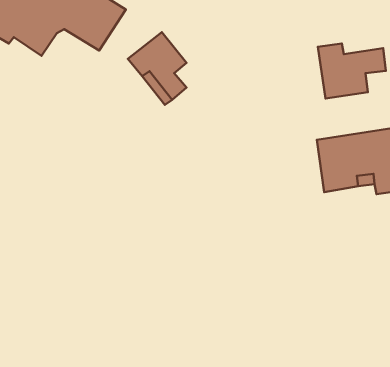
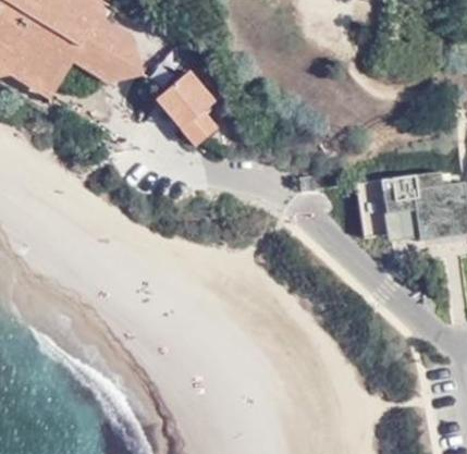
building: [318,44,386,98] -> none

